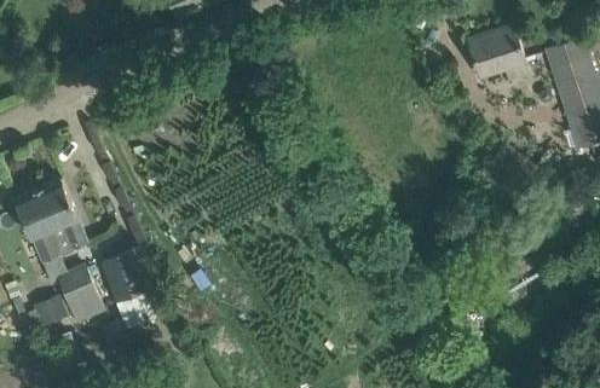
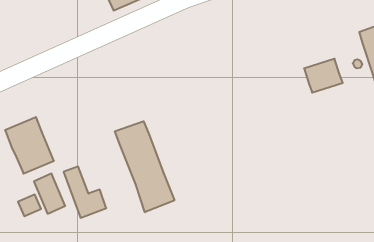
building: [466,25,524,76] -> [304,59,343,93]
building: none -> [115,121,174,212]

